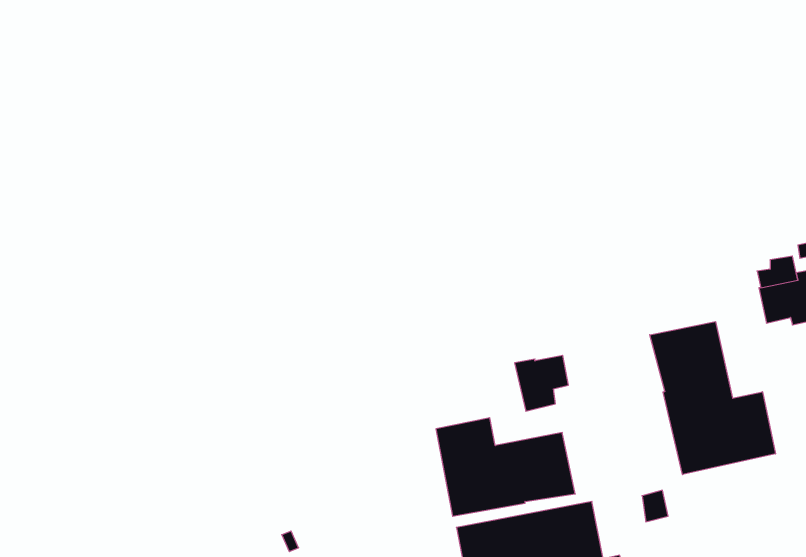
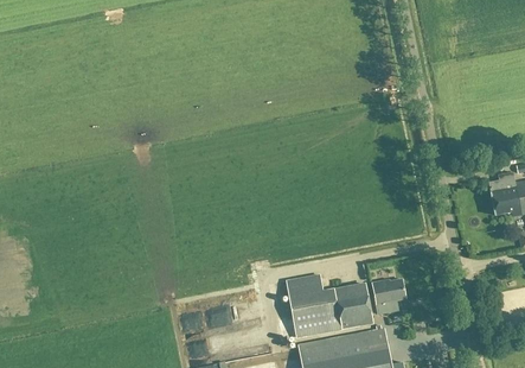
building: [650,322,775,475] -> none
building: [515,355,568,411] -> [372,279,406,315]

